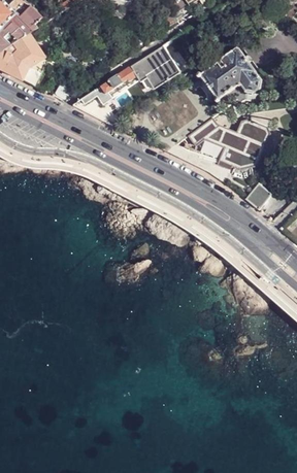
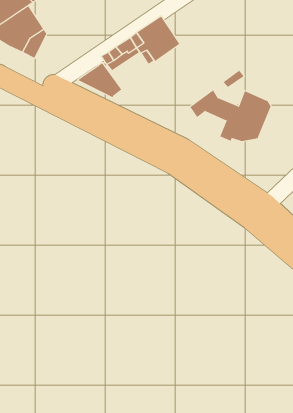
building: [198,46,260,100] -> none
building: [244,181,271,209] -> none

